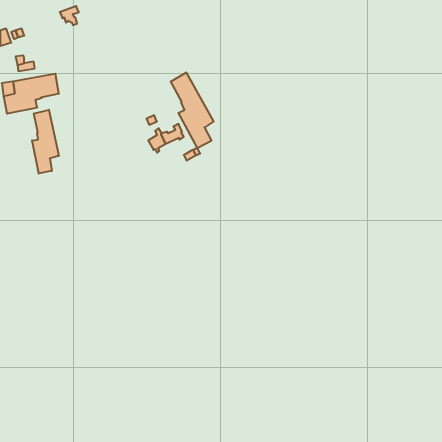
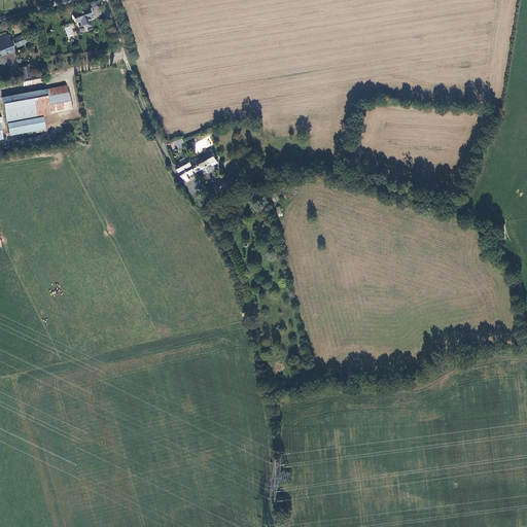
building: [171,72,214,148] -> none
building: [32,110,59,174] -> none

